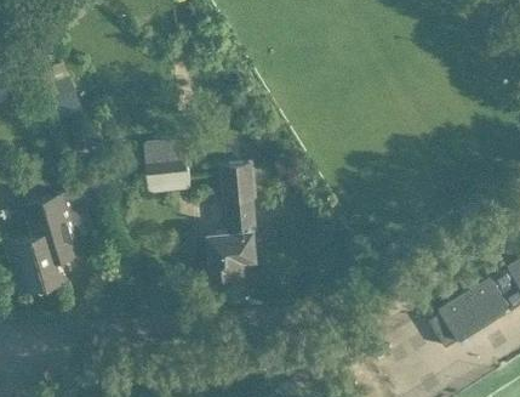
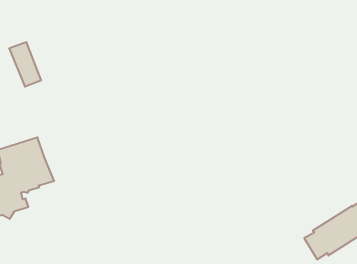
building: [143,142,188,177] -> none
building: [208,165,255,278] -> none

